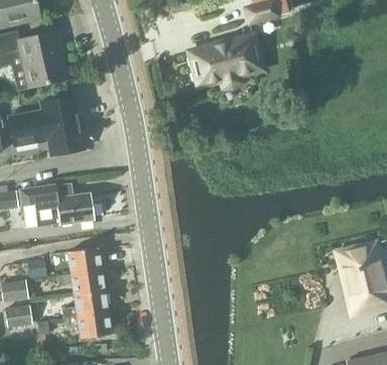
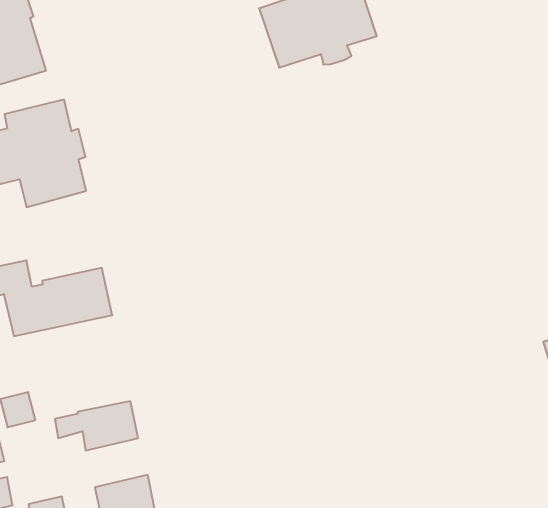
building: [68,247,101,273] -> none
building: [62,290,108,320] -> none

